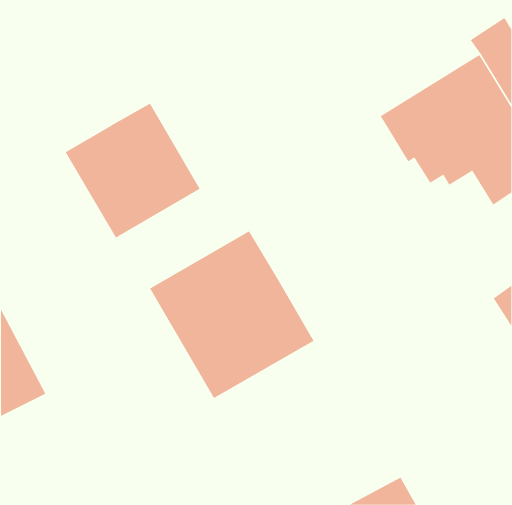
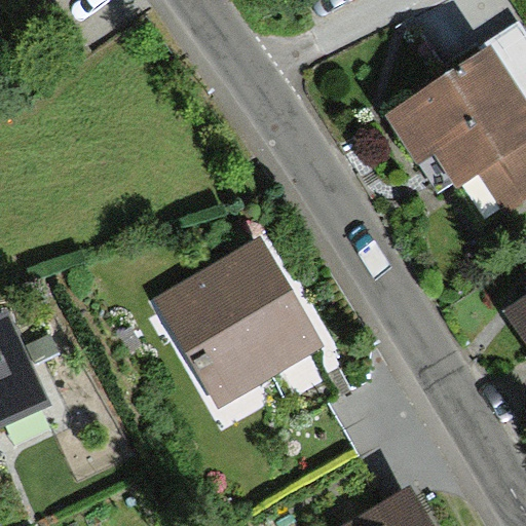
building: [65,103,201,238] -> none

